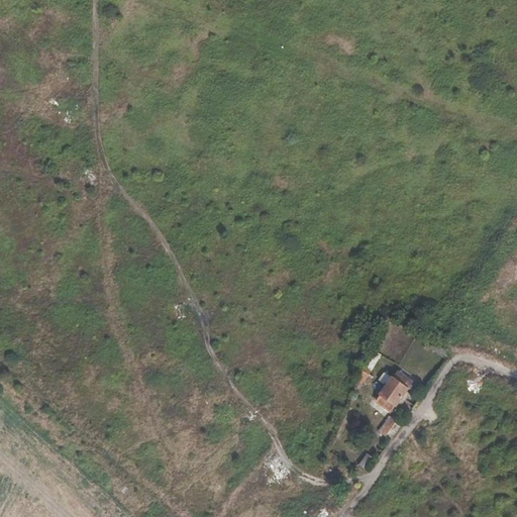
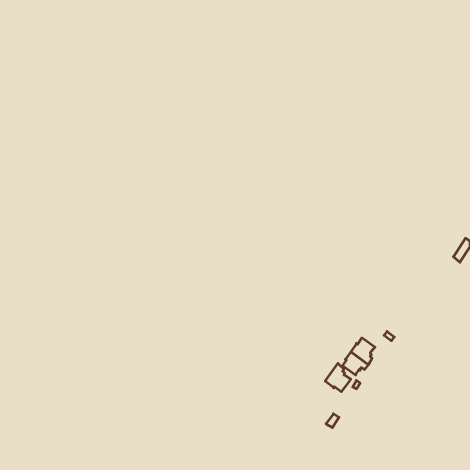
building: none -> [325,363,351,392]

